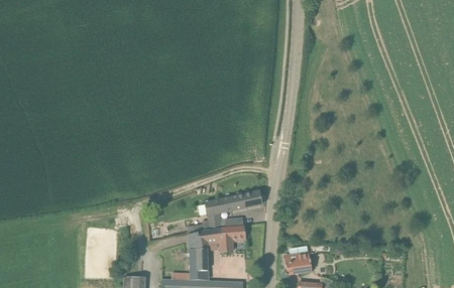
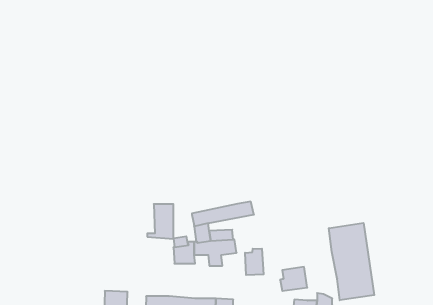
building: none -> [329,223,374,300]
building: none -> [245,249,264,275]
building: [183,249,207,281] -> [147,204,173,239]

